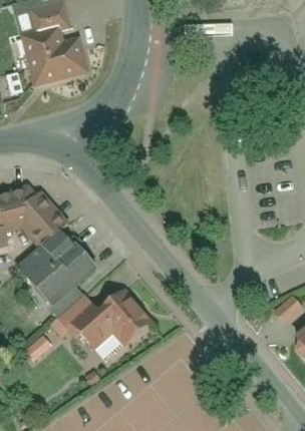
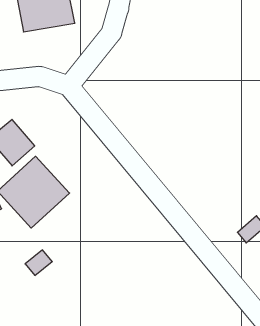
building: [47,284,135,350] -> none

